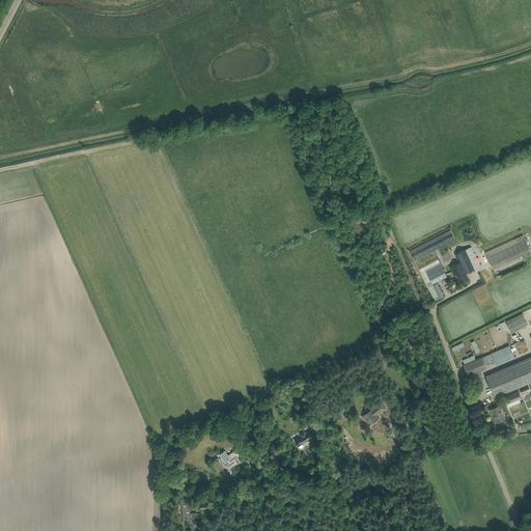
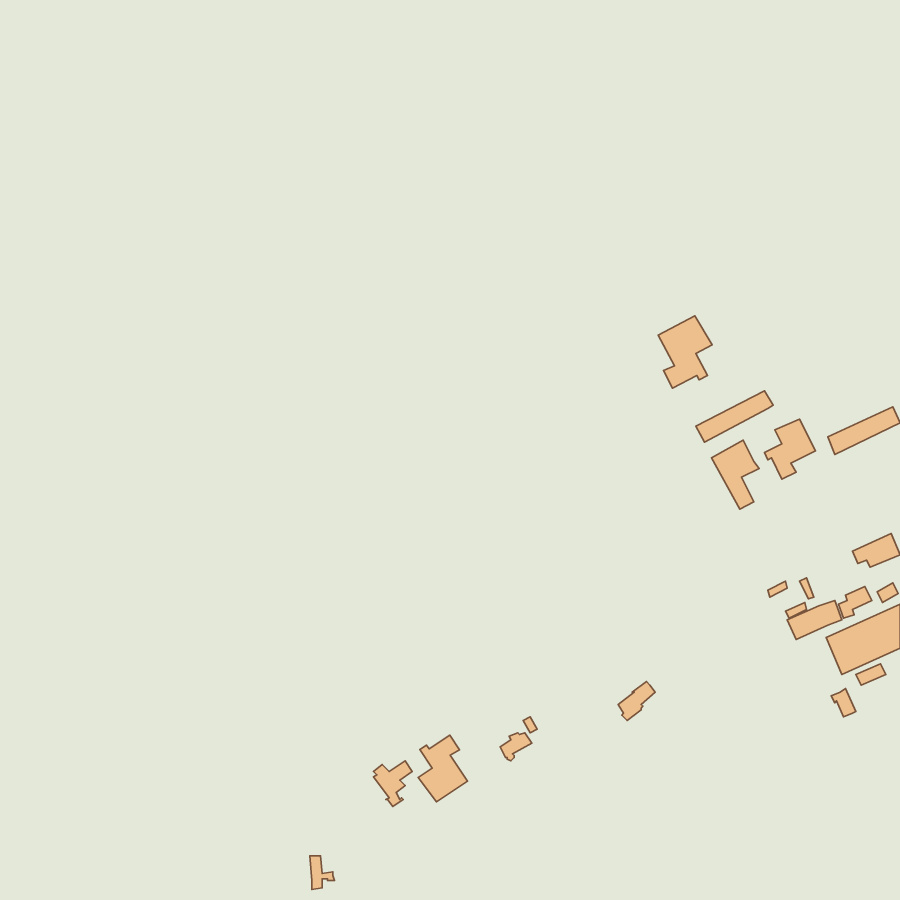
building: none -> [658,316,712,388]
building: none -> [418,735,467,802]

